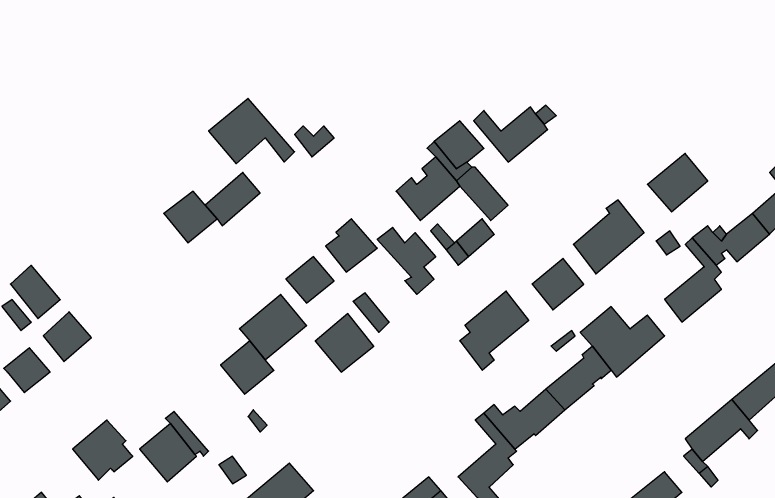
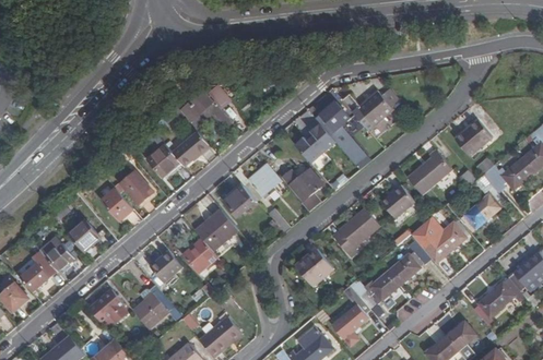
building: none -> [120,171,152,204]
building: [10,265,60,319] -> [102,187,133,220]
building: [315,314,374,372] -> [295,249,332,286]
building: none -> [150,249,182,280]

